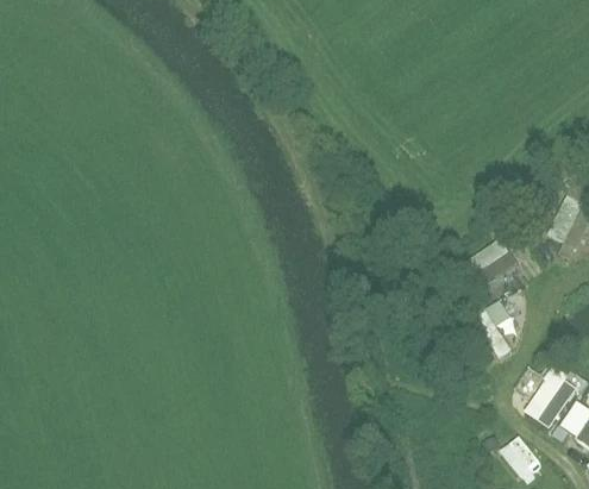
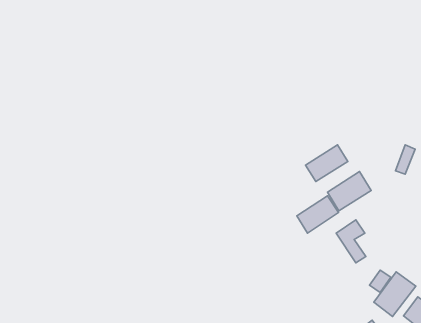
building: none -> [306,145,348,181]
building: none -> [297,196,338,233]

